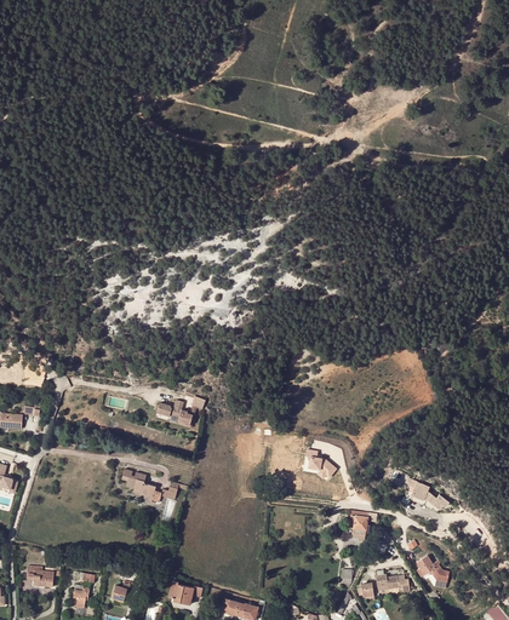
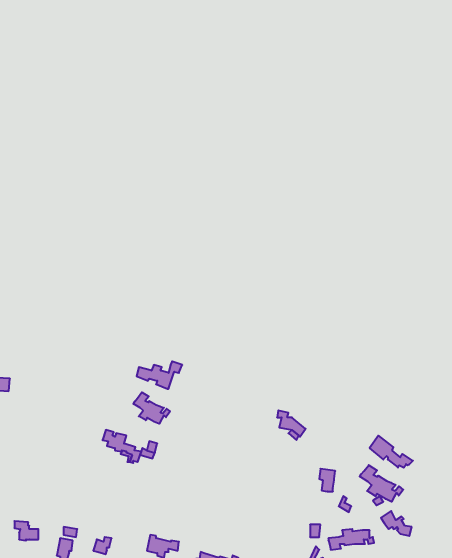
building: none -> [133,392,170,424]
building: none -> [360,465,403,502]

